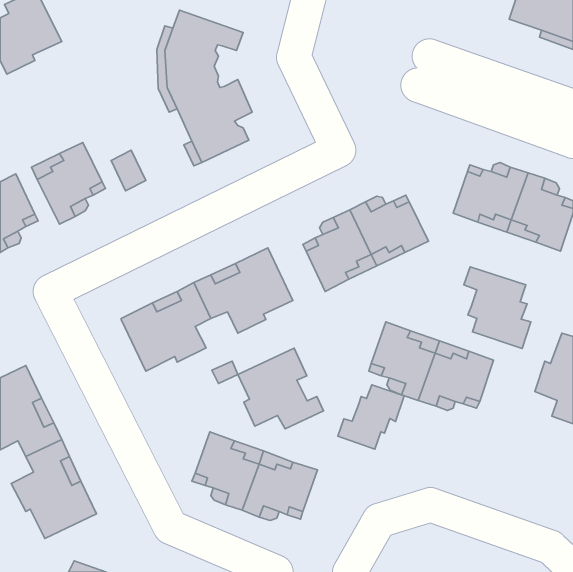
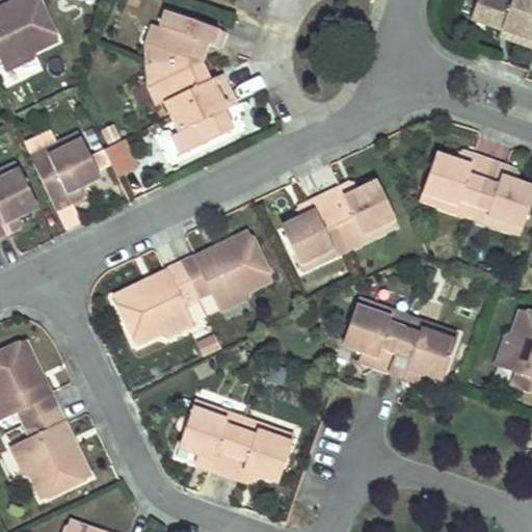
building: [464,267,531,349] -> none
building: [238,348,324,429] -> none
building: [338,385,404,449] -> none

